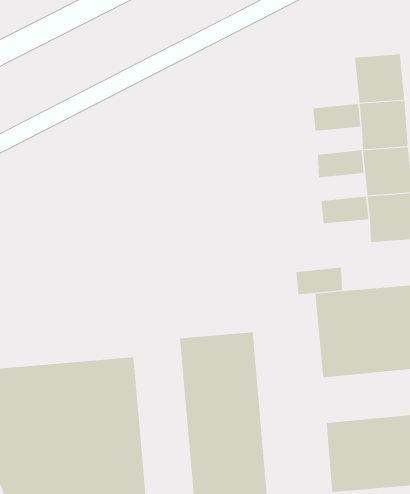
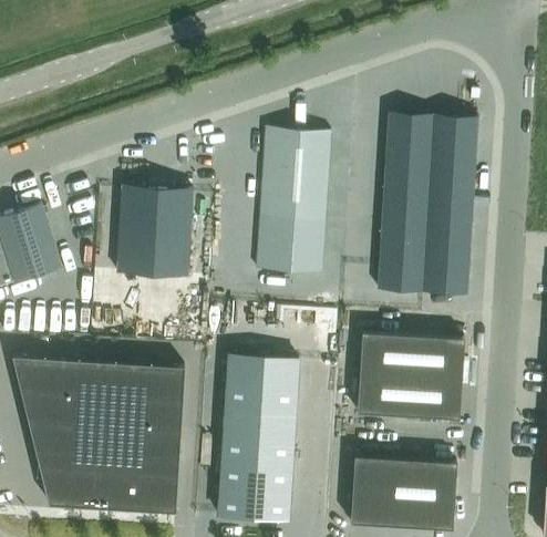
building: none -> [386,114,433,161]
building: none -> [257,128,330,275]
building: none -> [384,180,430,205]
building: none -> [117,186,193,278]
building: none -> [381,225,426,249]
building: [296,267,343,295] -> [379,269,424,293]

